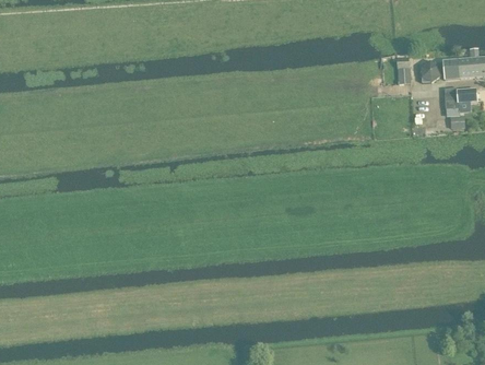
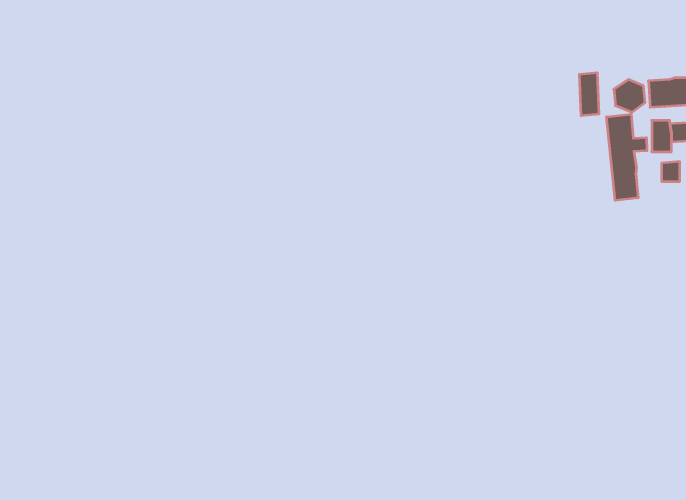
building: none -> [607,114,647,200]

